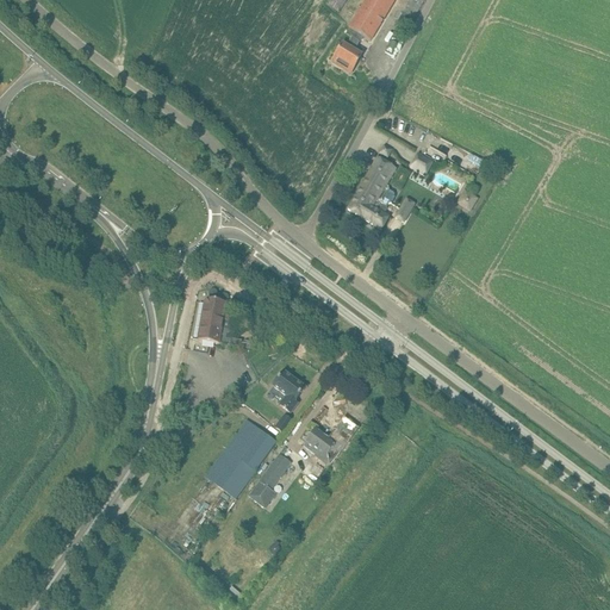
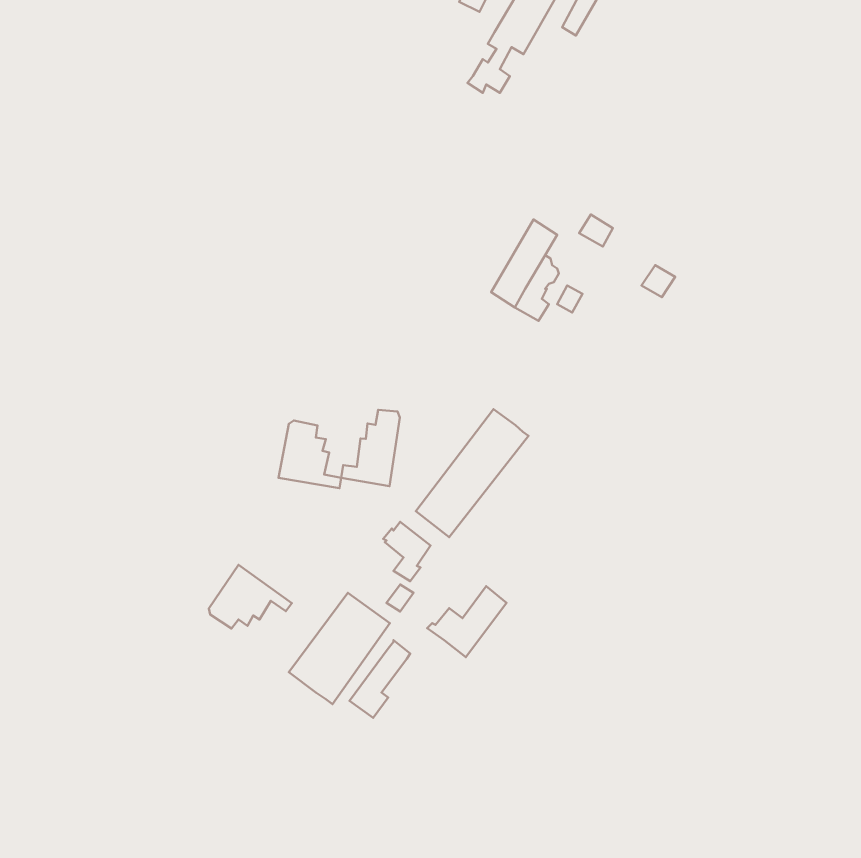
building: none -> [416,409,528,537]
building: none -> [341,410,400,486]
building: none -> [209,565,292,629]

